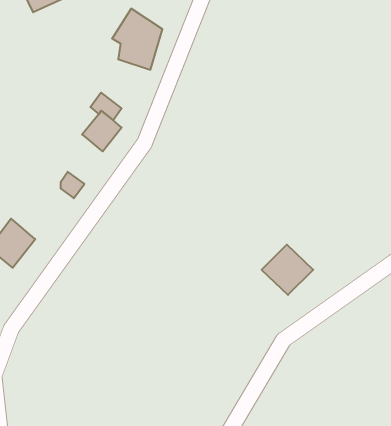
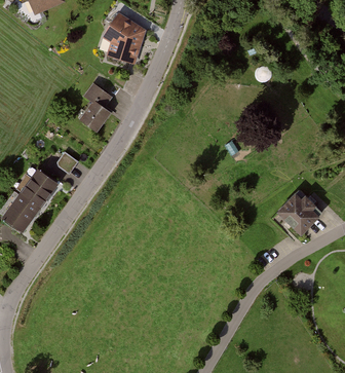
building: none -> [16,166,56,209]
building: [262,245,313,295] -> [279,191,323,234]

